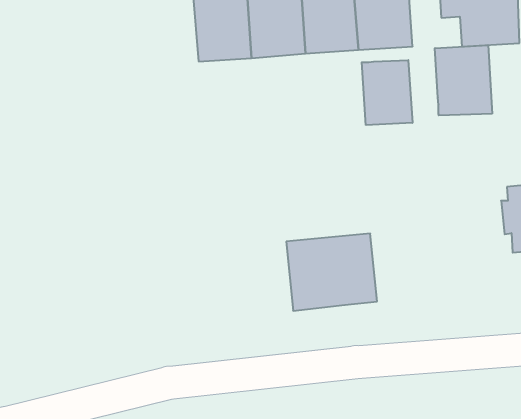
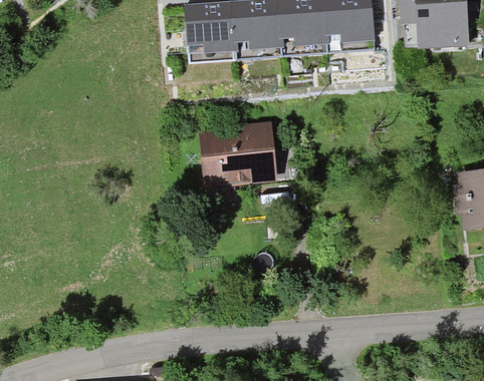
building: [435,45,492,115] -> none
building: [362,60,412,125] -> none
building: [286,234,377,311] -> [198,120,277,187]

